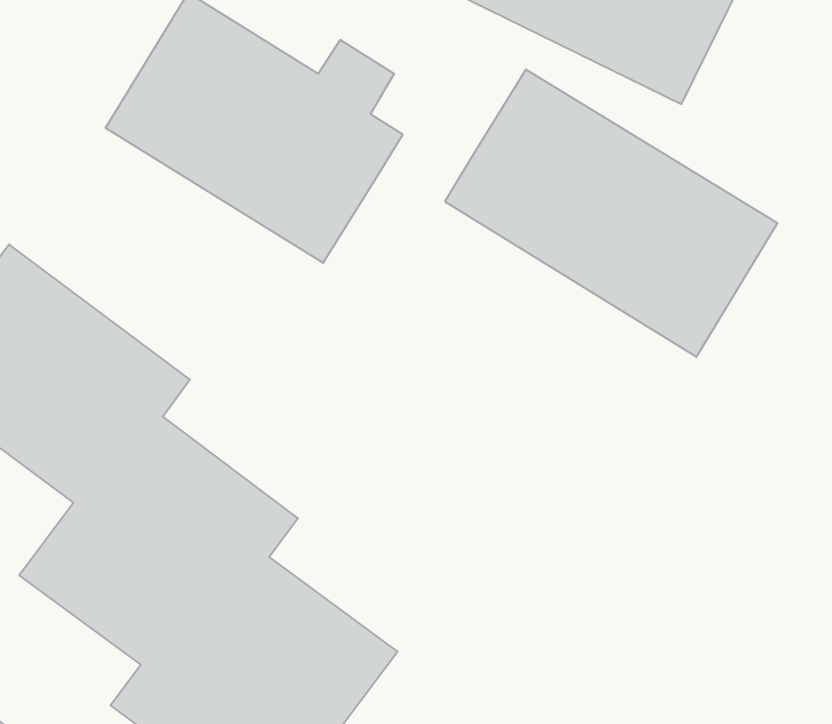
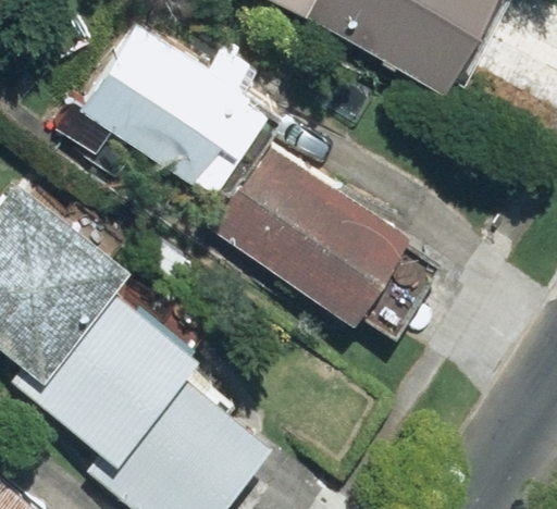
building: [445,70,778,357] -> [199,138,413,323]

